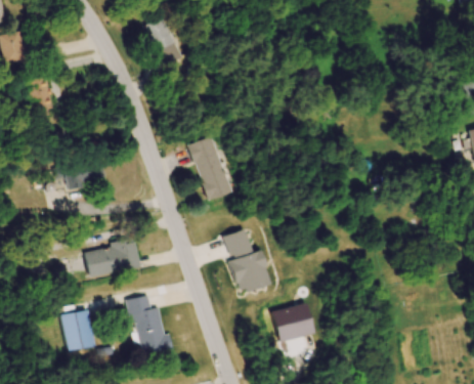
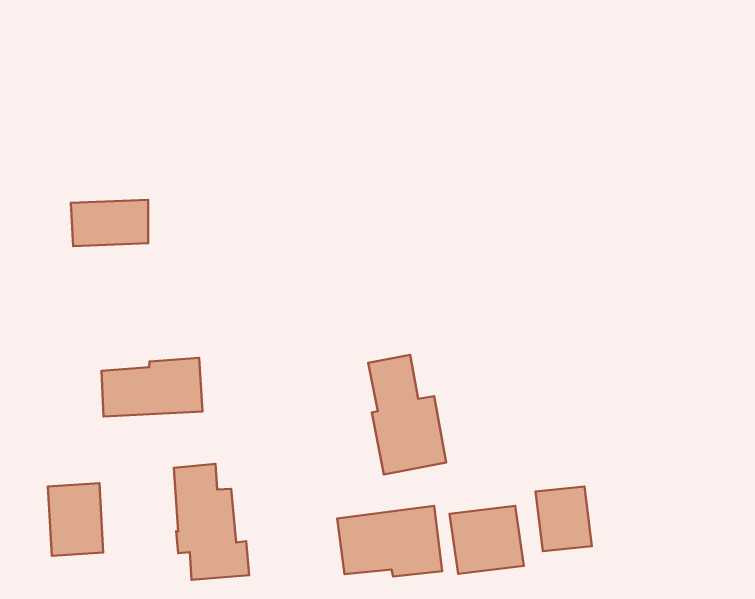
building: [190,137,228,200] -> none
building: none -> [536,487,592,551]
building: none -> [337,506,442,577]

